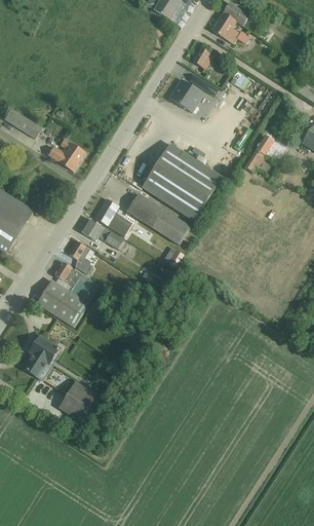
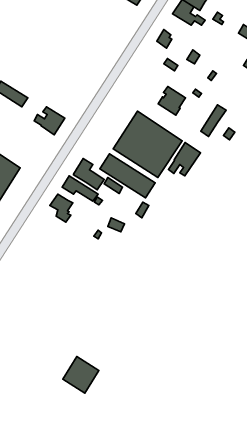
building: [170,78,202,112] -> [158,86,185,115]
building: none -> [169,143,201,176]
building: [37,262,100,327] -> none
building: [23,335,60,377] -> none
building: [58,380,101,423] -> [63,356,99,393]

